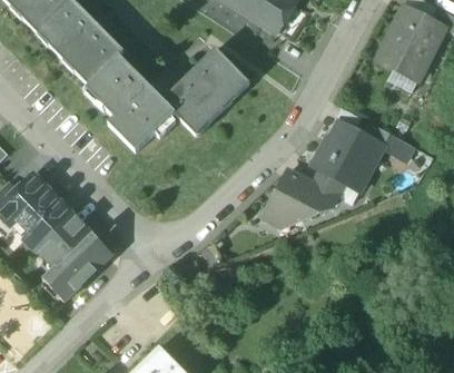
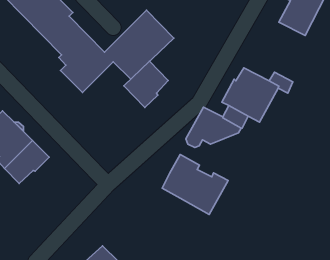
building: none -> [124,61,168,108]
building: none -> [162,154,228,214]
building: [43,234,112,301] -> none

